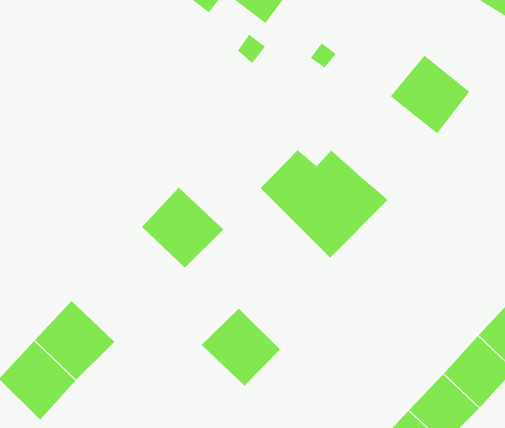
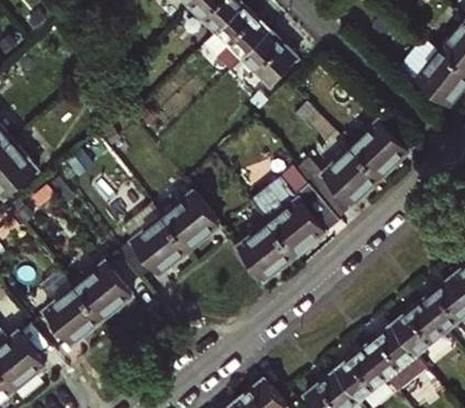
building: none -> [299,147,382,217]
building: none -> [132,217,189,275]
building: [201,308,281,387] -> [237,223,294,280]

